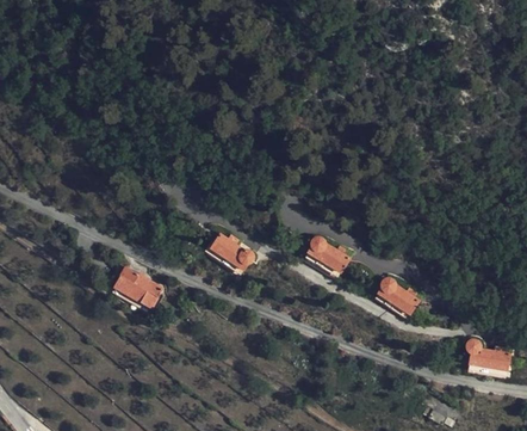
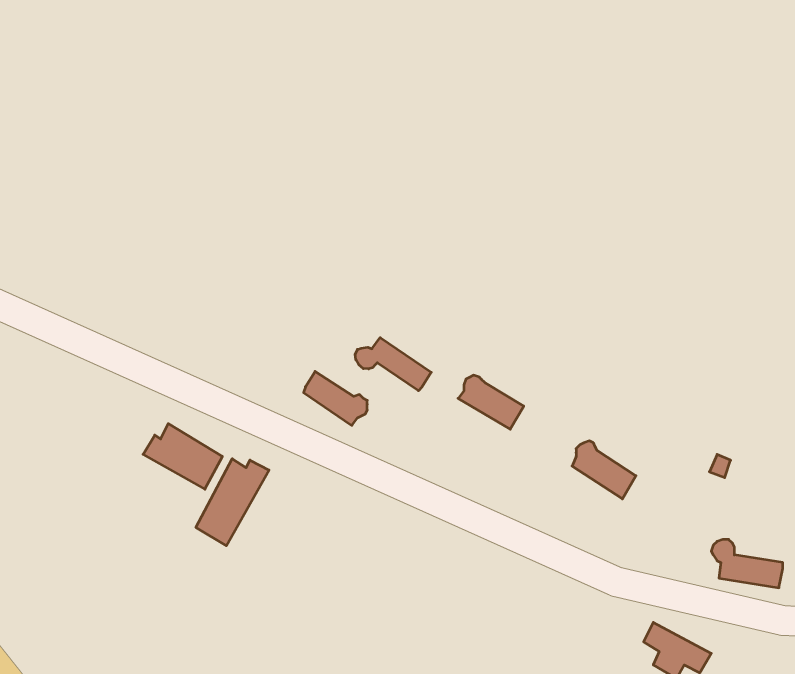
building: none -> [355,338,431,391]
building: none -> [196,459,269,546]

